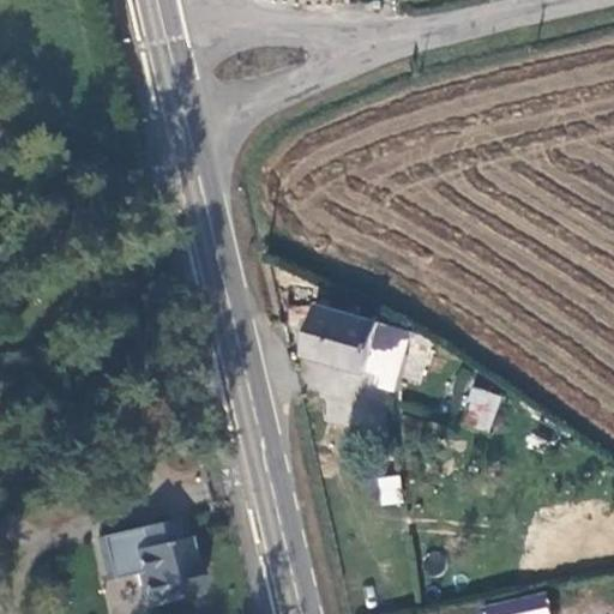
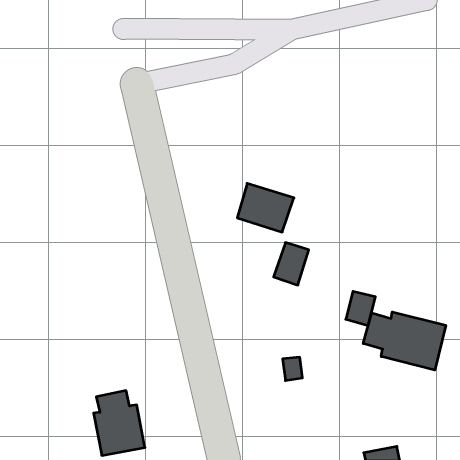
building: [305,305,380,369] -> [237,183,294,232]
building: none -> [363,312,446,370]

